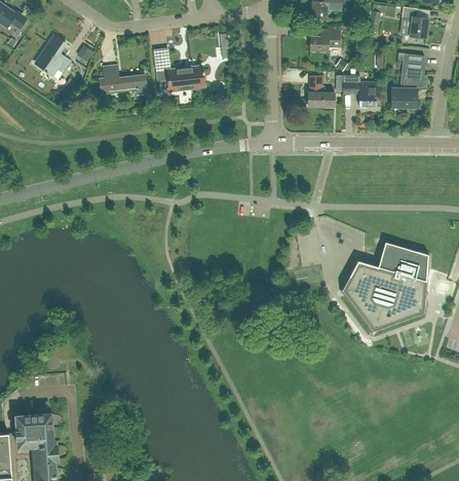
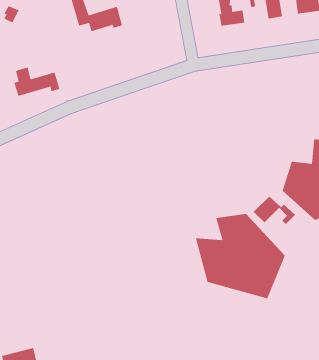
building: [98,65,146,96] -> [13,67,60,97]
building: none -> [253,196,296,225]
building: none -> [195,213,286,299]

